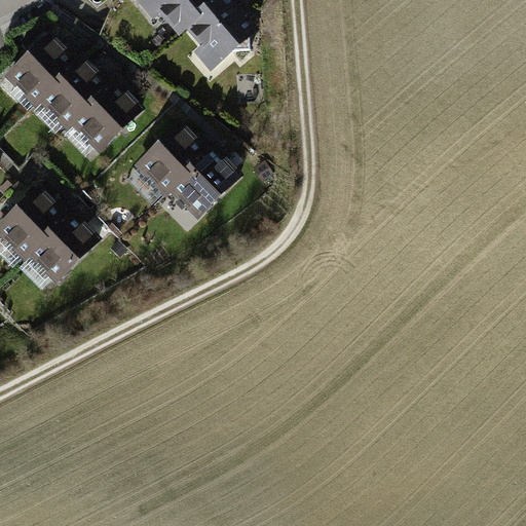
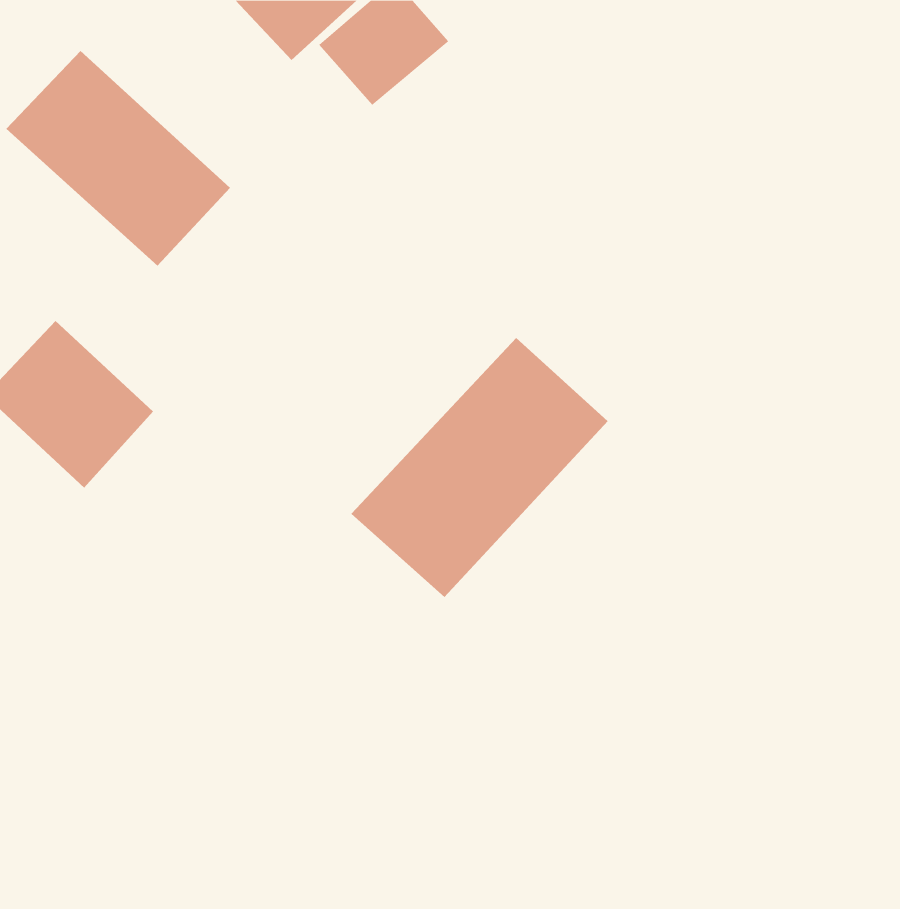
building: [137,126,235,224] -> none
building: none -> [350,337,608,598]

